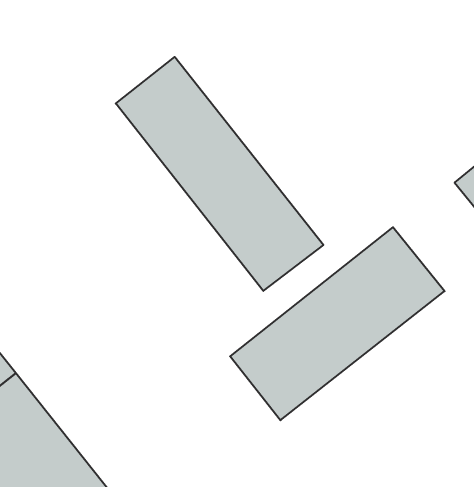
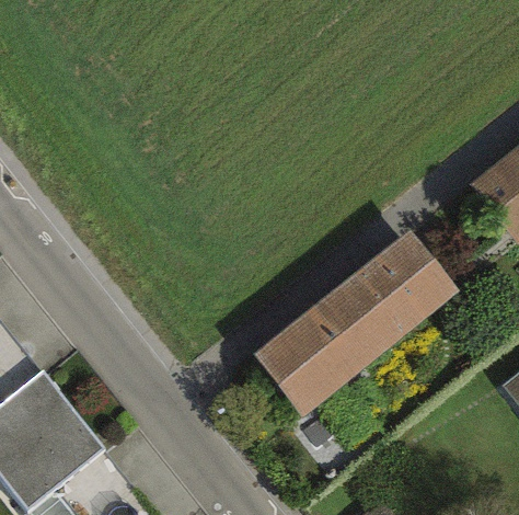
building: [116,57,323,291] -> none

